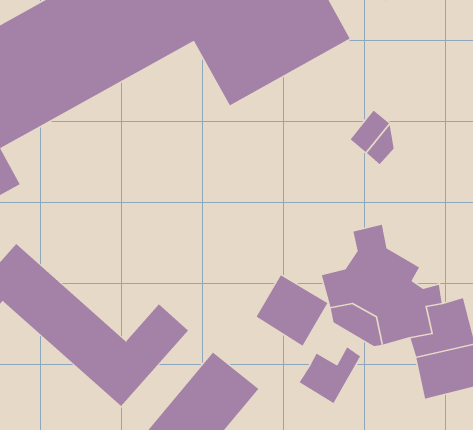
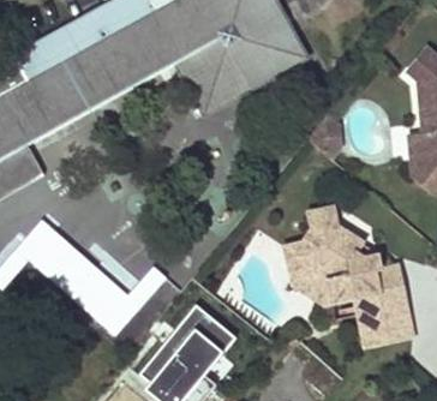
building: [255,274,329,347] -> none
building: [298,346,361,404] -> none

